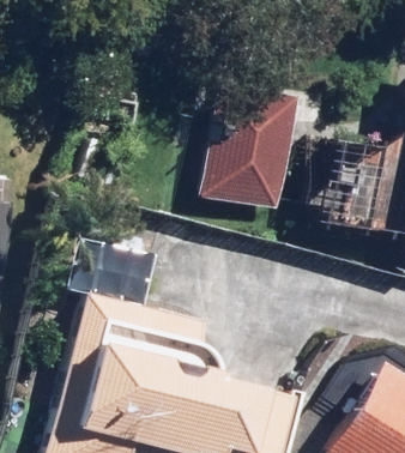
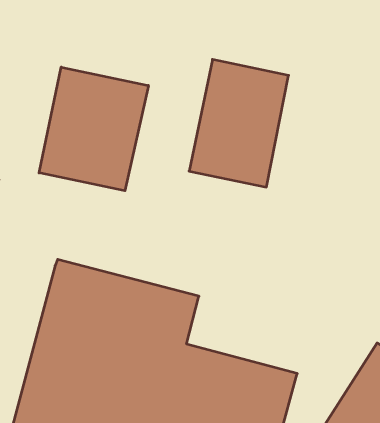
building: none -> [39,67,148,191]

